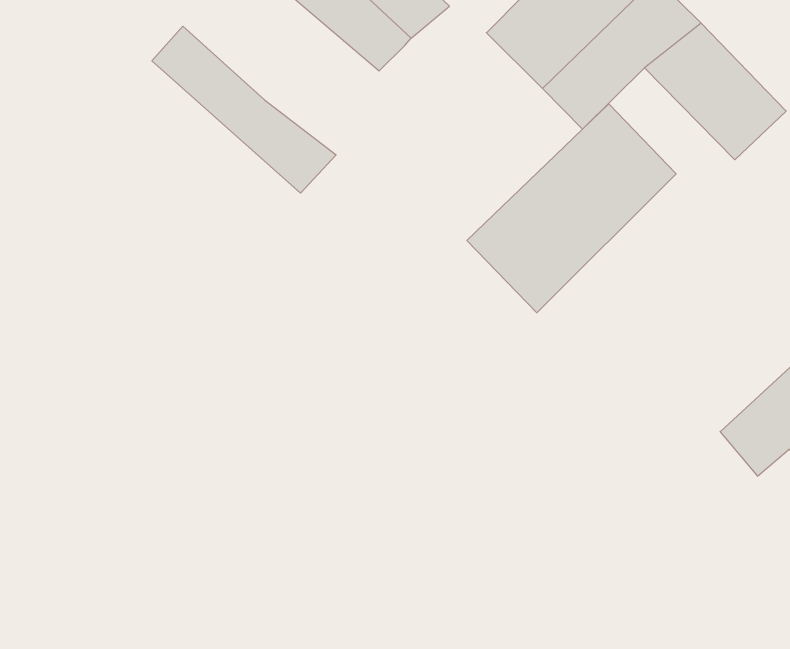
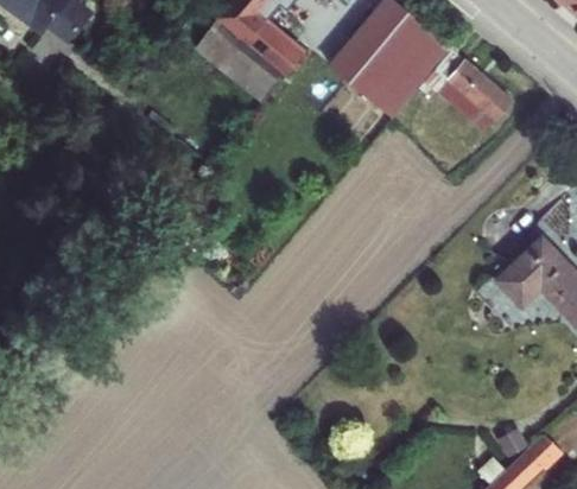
building: [152,26,336,193] -> none
building: [467,104,676,313] -> none

